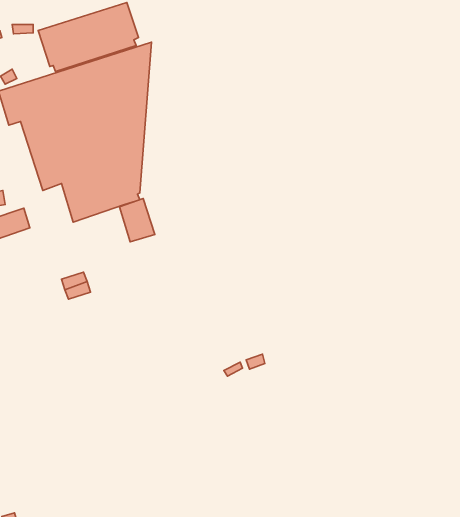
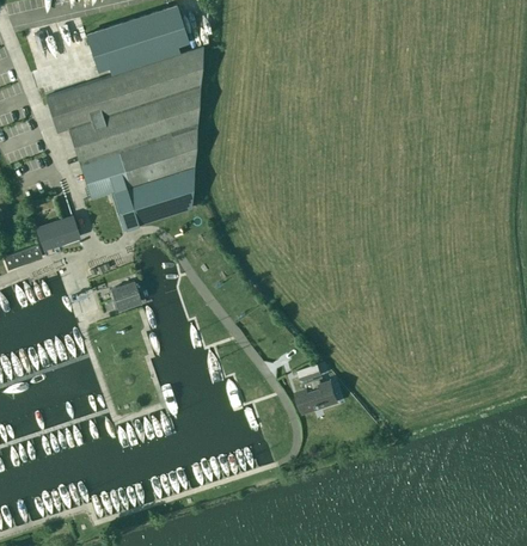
building: [120,199,155,242] -> none
building: none -> [298,378,336,413]

